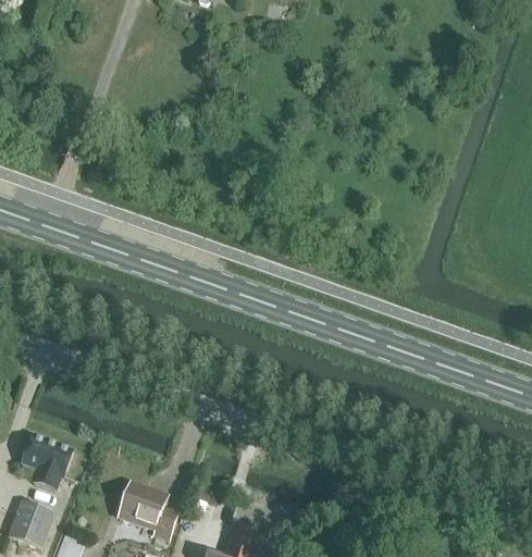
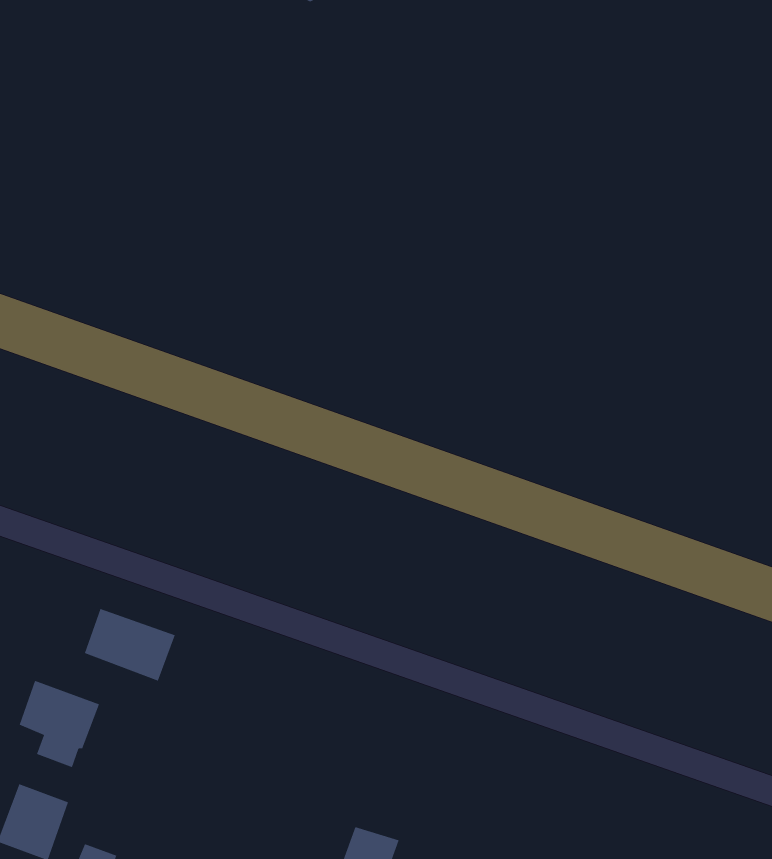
building: none -> [84,608,175,682]
building: [119,482,177,540] -> none

